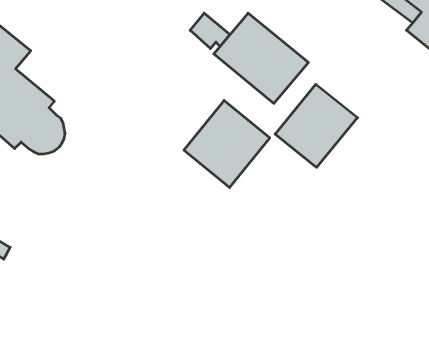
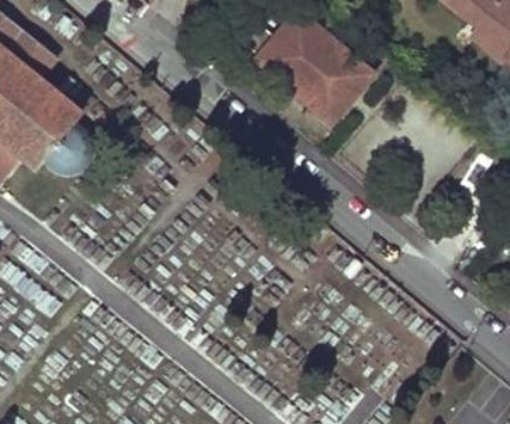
building: [275,84,358,167] -> none
building: [184,100,270,188] -> none

